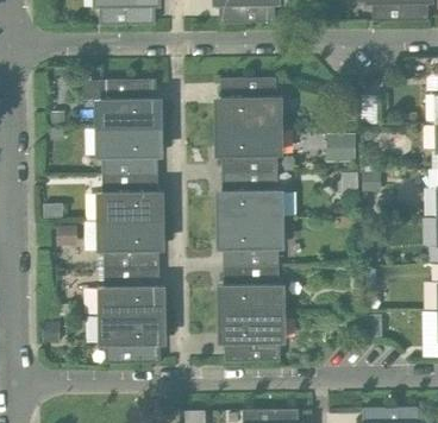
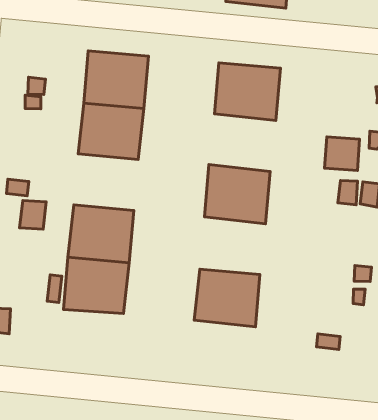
building: [221,125,277,171] -> none
building: [102,173,158,221] -> none
building: [223,219,279,266] -> none
building: [224,312,280,361] -> none
building: [105,314,161,364] -> none

